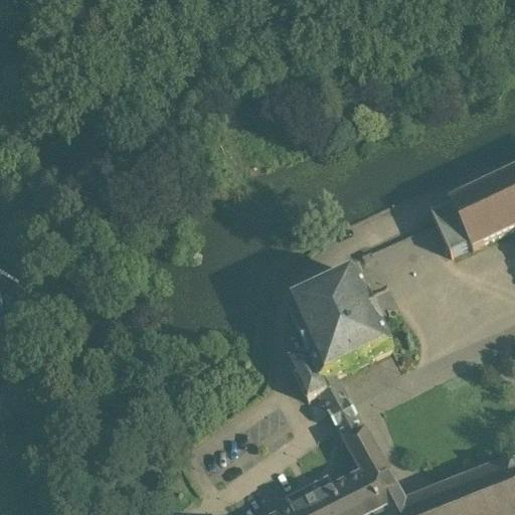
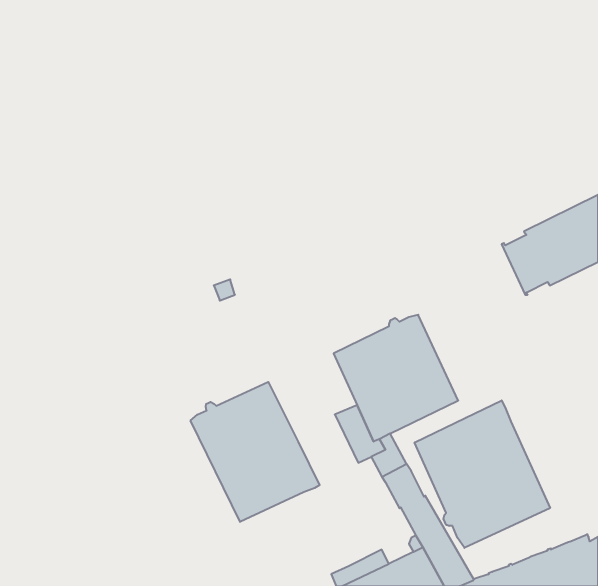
building: none -> [191,382,320,522]
building: none -> [415,400,550,548]

